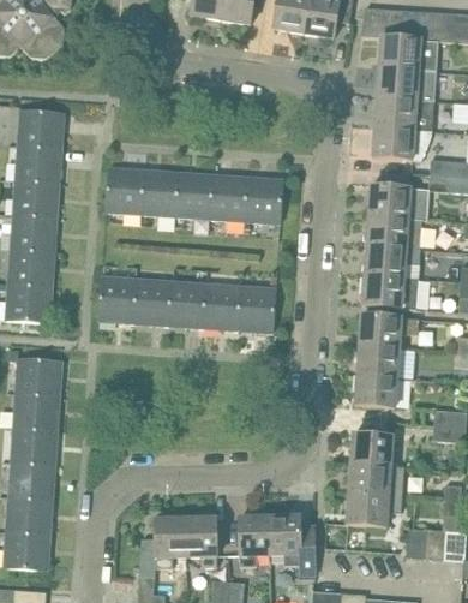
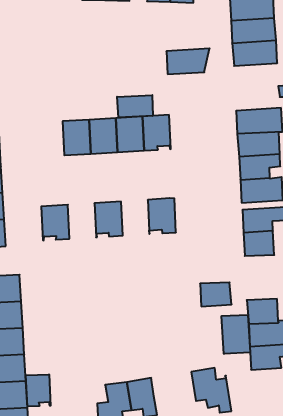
building: [373,126,432,160] -> [166,48,210,74]
building: none -> [117,95,153,118]
building: [106,167,144,214] -> none
building: [133,279,172,326] -> none
building: [203,283,241,330] -> none
building: [355,375,396,407] -> [200,282,232,306]
building: none -> [222,315,250,354]
building: none -> [26,374,51,407]
building: [239,517,270,566] -> none

